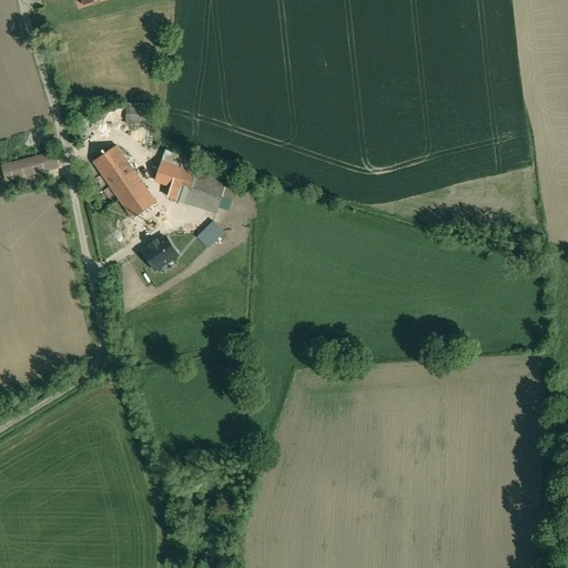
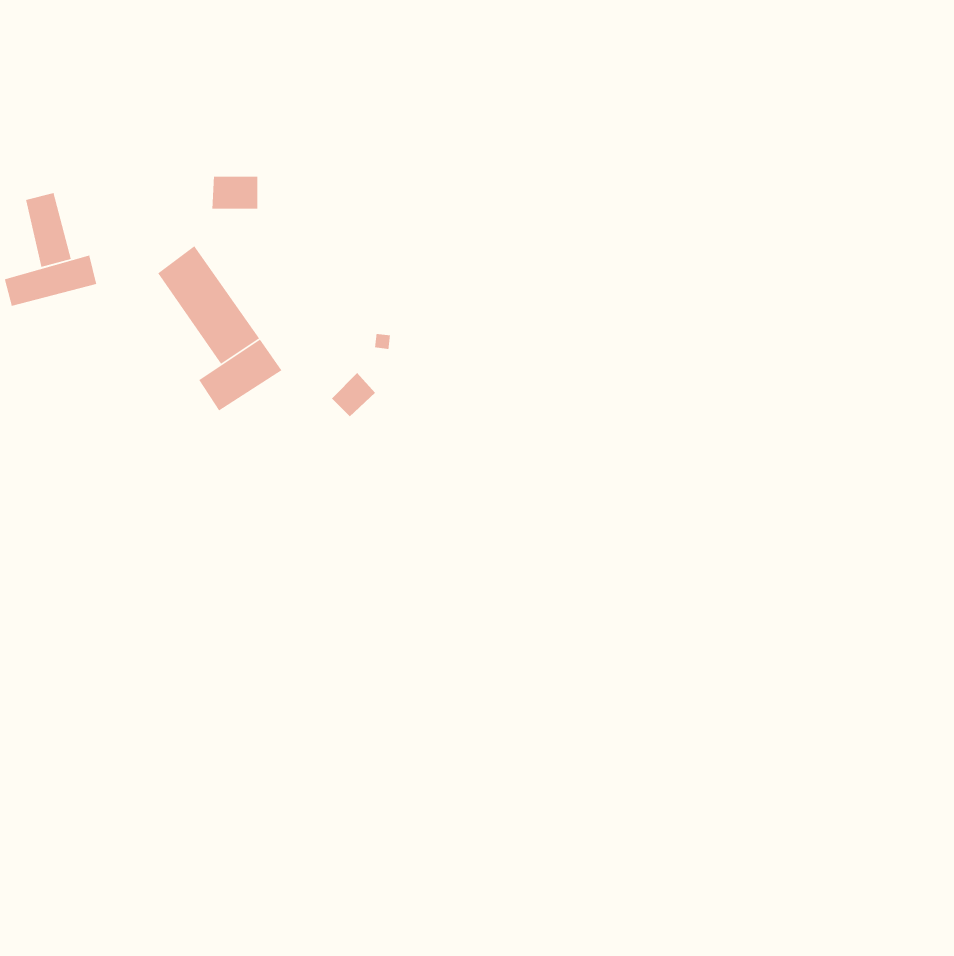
building: none -> [25,192,72,268]
building: [154,161,225,212] -> none
building: [142,236,178,271] -> none

